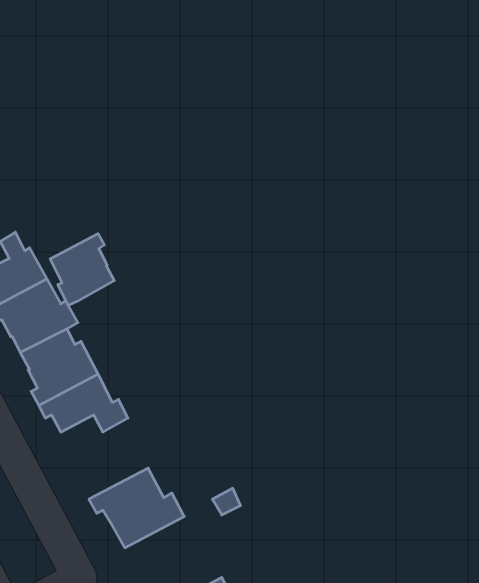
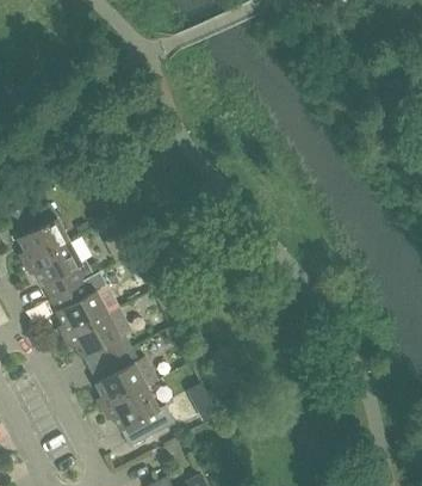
building: [50,234,114,306] -> none
building: none -> [94,349,147,411]

